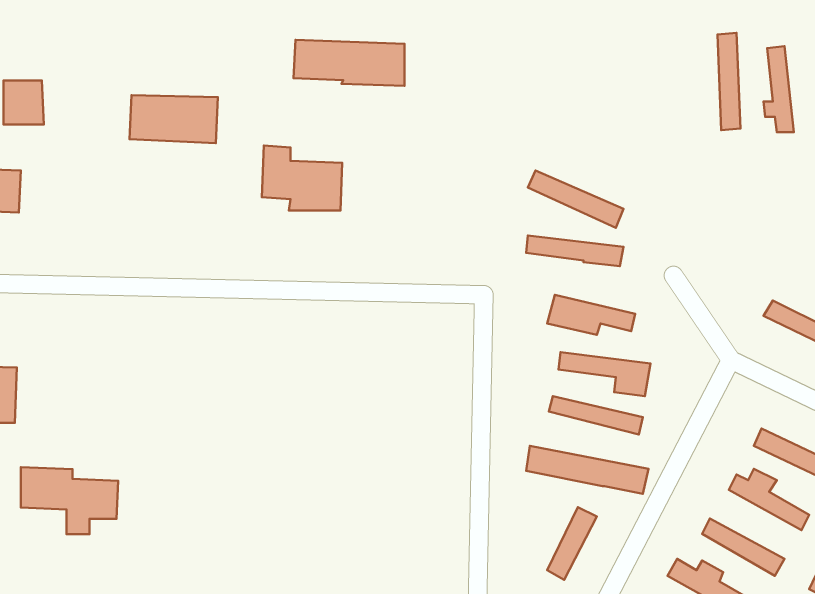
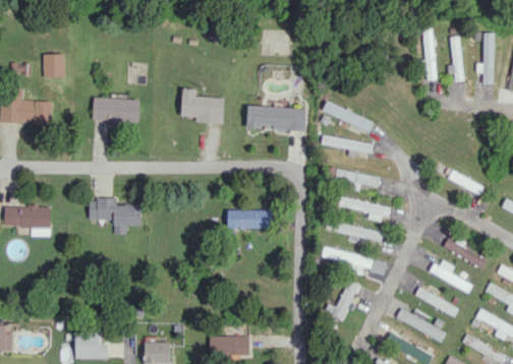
building: [294,40,405,86] -> [246,107,305,131]
building: [130,95,218,143] -> [93,98,139,123]
building: none -> [226,209,272,229]
building: [21,467,118,534] -> [90,198,141,234]

